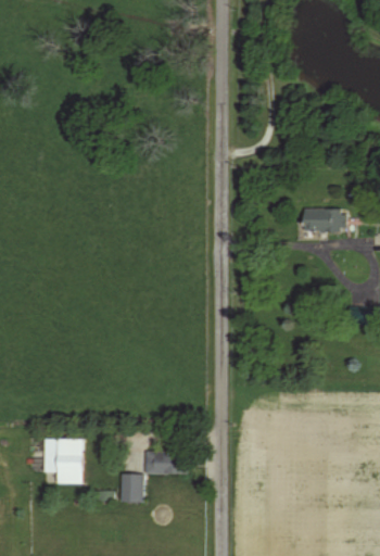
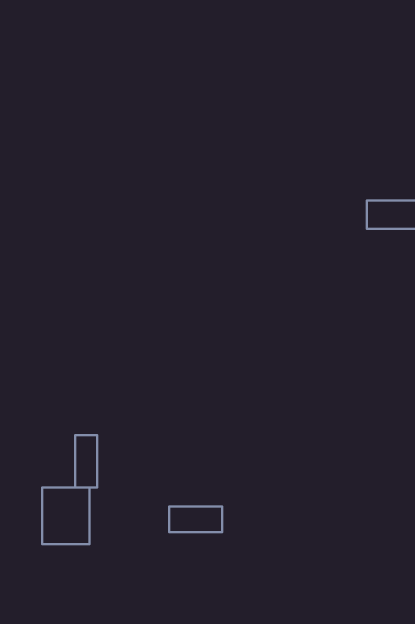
building: none -> [75,435,97,487]
building: [121,473,144,501] -> none

